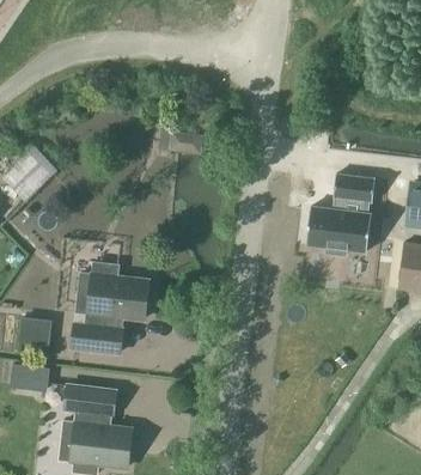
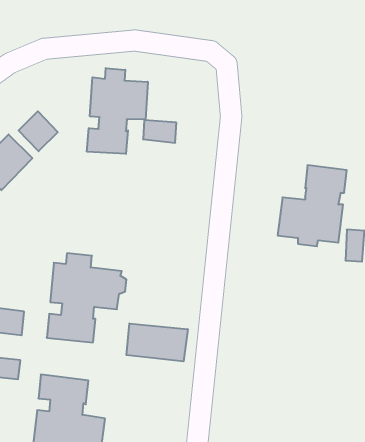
building: none -> [87,68,148,154]
building: none -> [19,111,58,151]
building: none -> [126,323,188,361]

